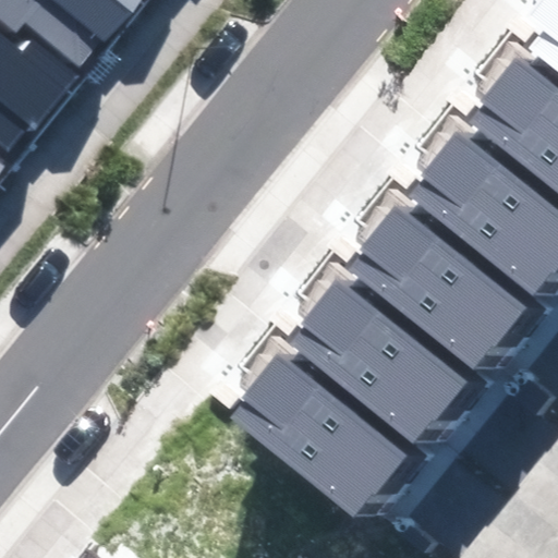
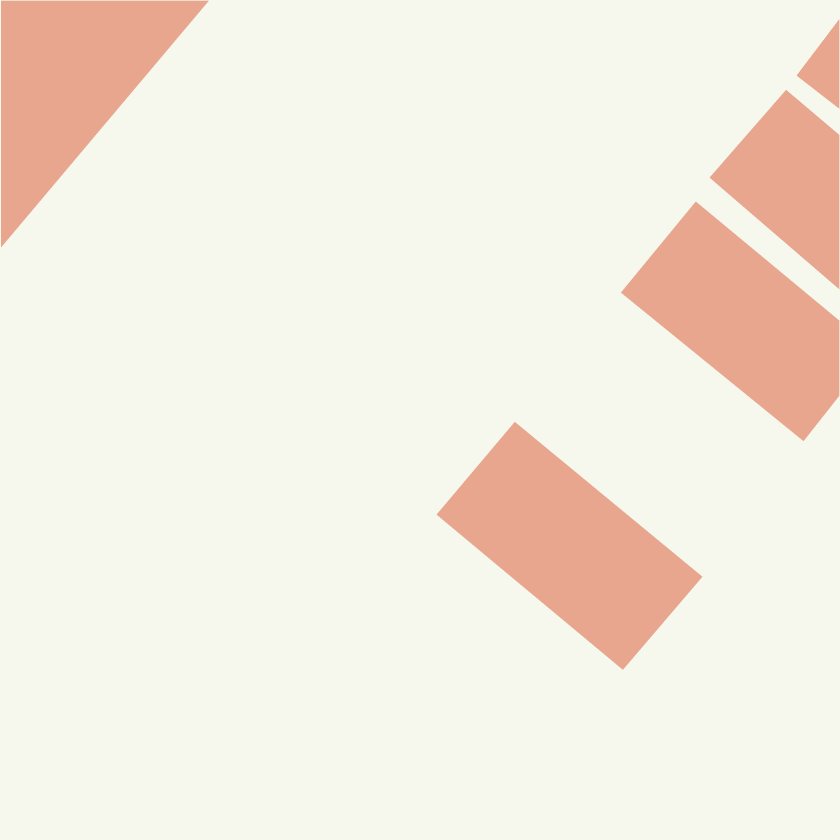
building: [350,205,525,368] -> none
building: [227,353,409,522] -> none

